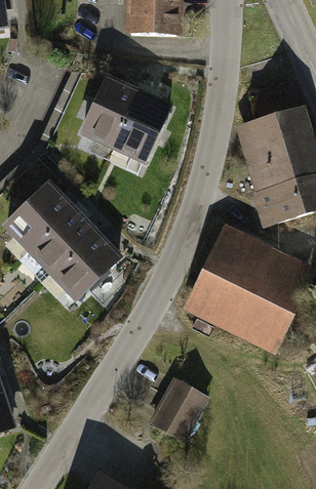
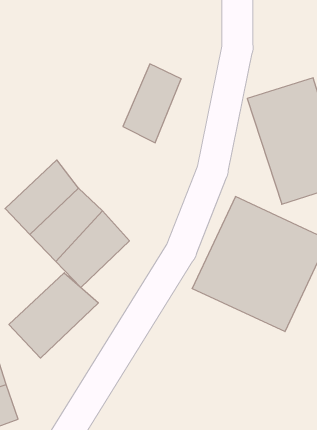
building: [87,78,143,152] -> none
building: none -> [9,273,98,358]
building: [149,373,209,436] -> none

